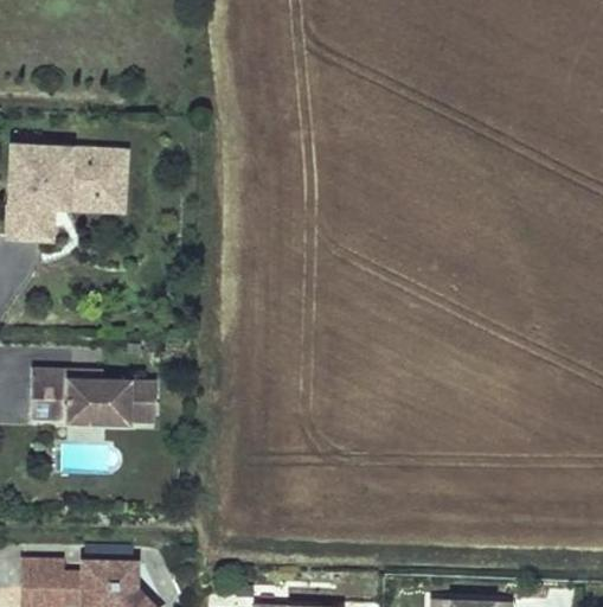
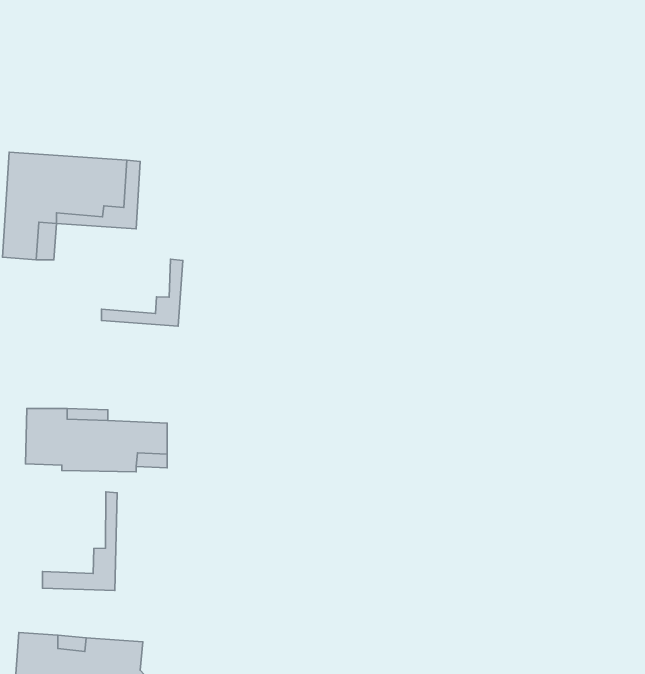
building: none -> [101,259,183,326]
building: none -> [43,492,117,591]

